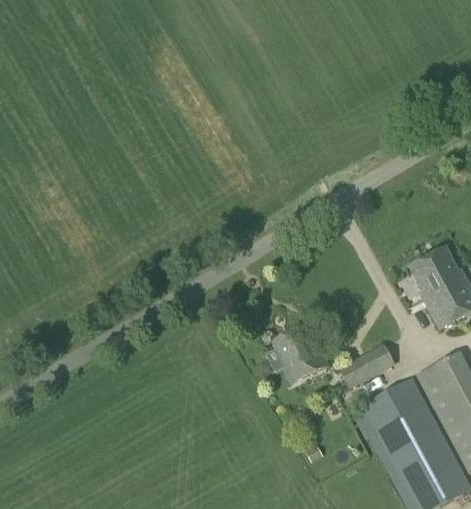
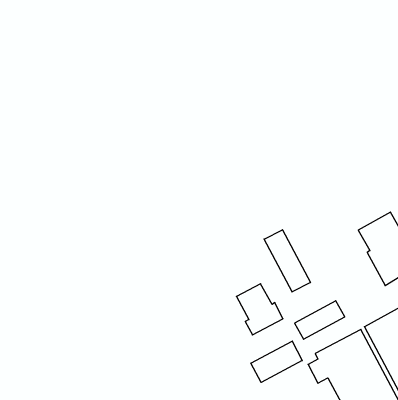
building: none -> [264,230,310,292]
building: none -> [251,341,302,382]

